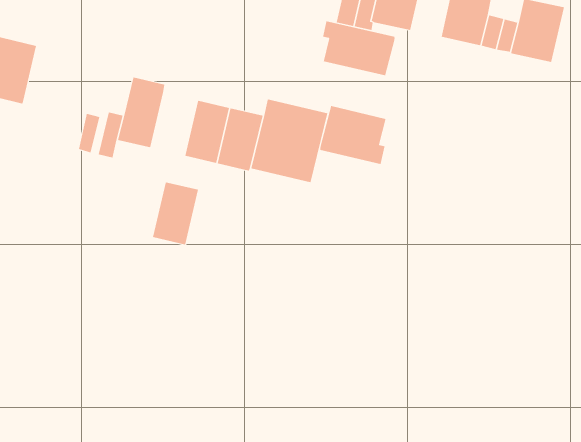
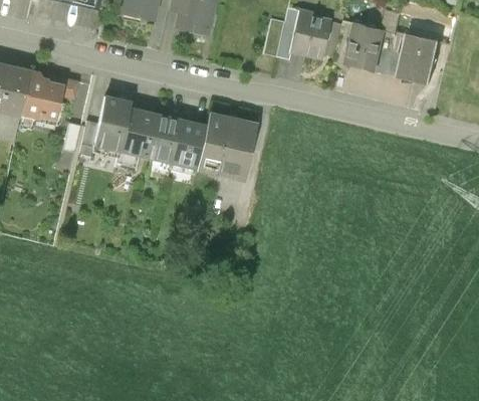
building: [322,20,395,76] -> none
building: none -> [21,71,78,124]
building: [320,105,386,165] -> none
building: [152,182,199,245] -> [119,108,156,157]

